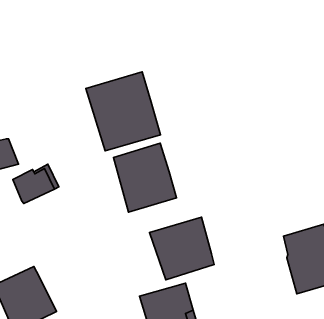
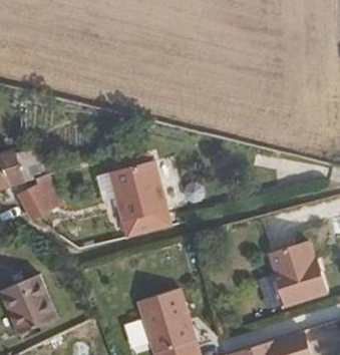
building: [86,72,160,151] -> none
building: [150,217,214,280] -> none

